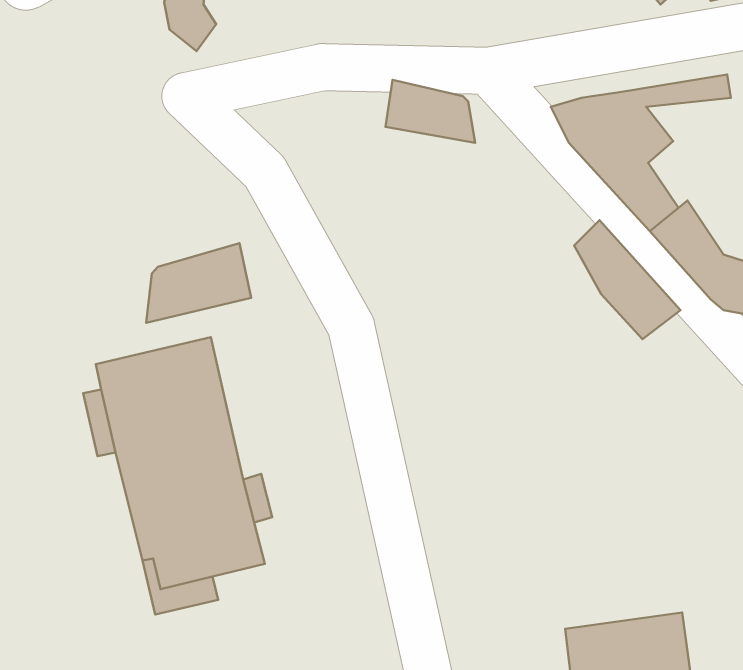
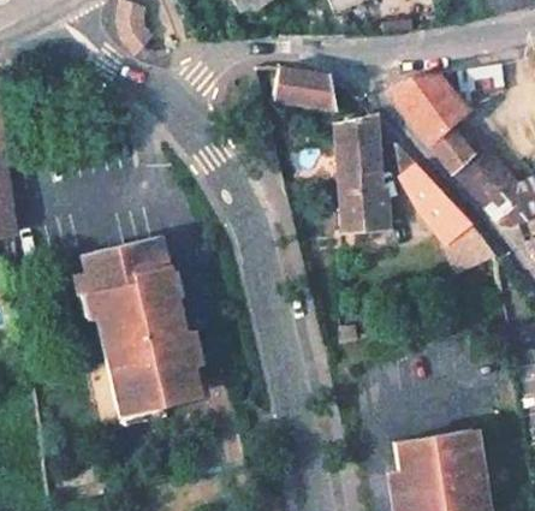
building: none -> [334,113,391,236]
building: [146,243,251,323] -> none
building: none -> [447,222,497,273]

